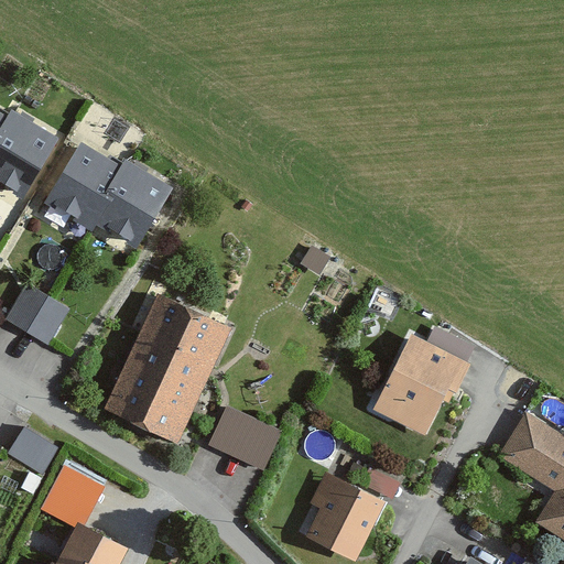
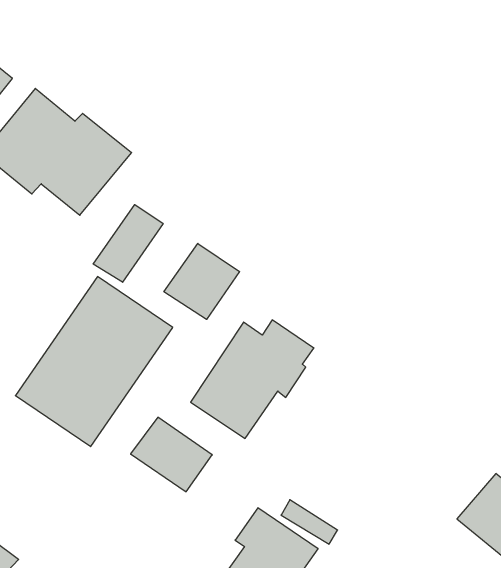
building: none -> [93,205,163,282]
building: none -> [164,243,240,319]
building: [373,328,473,434] -> [191,320,314,438]

